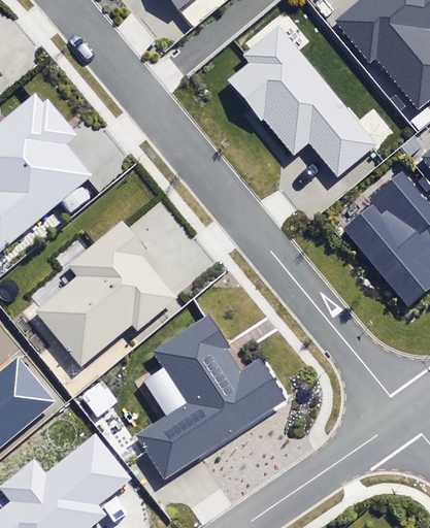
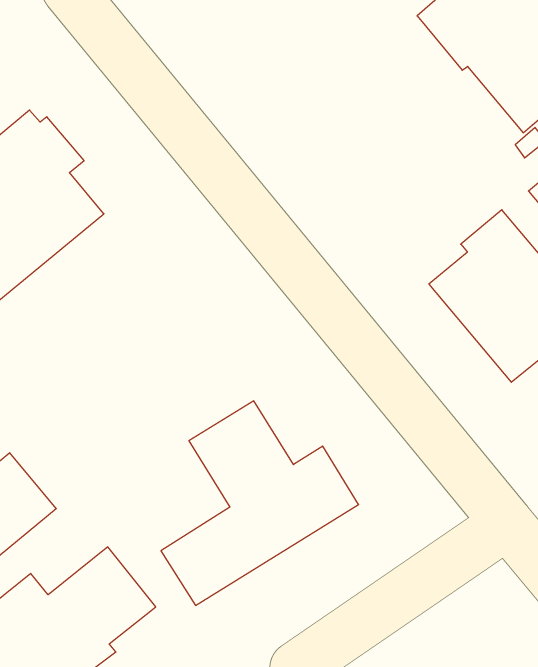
building: [227,25,373,174] -> none
building: [33,220,175,368] -> none

